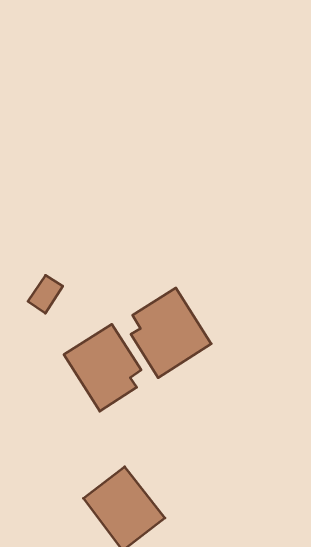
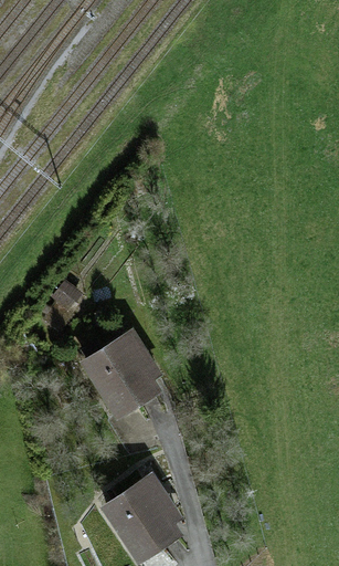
building: [131,288,211,378] -> none

